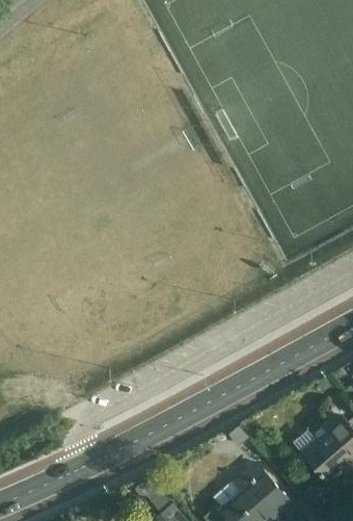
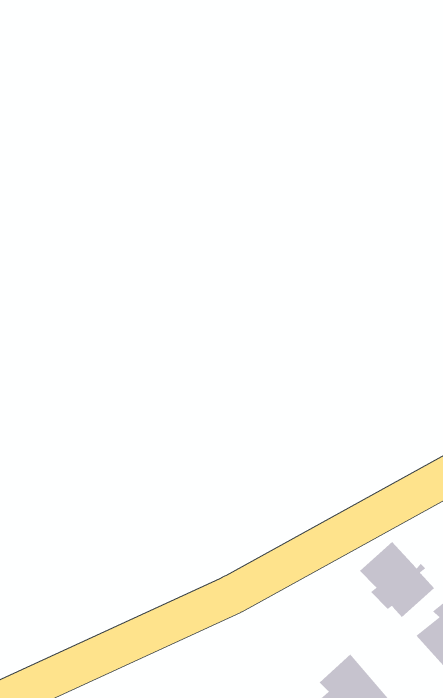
building: none -> [359,541,435,618]

